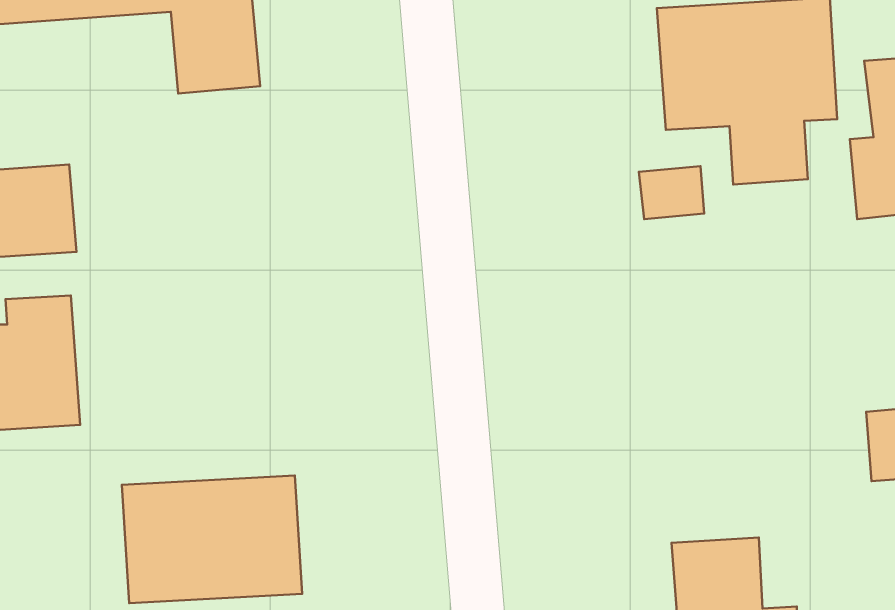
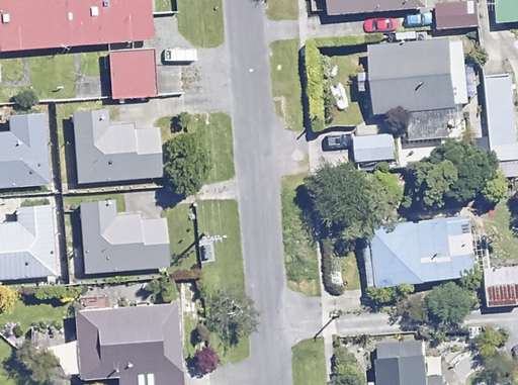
building: none -> [65,109,149,183]
building: none -> [72,196,156,270]
building: none -> [365,215,495,287]

